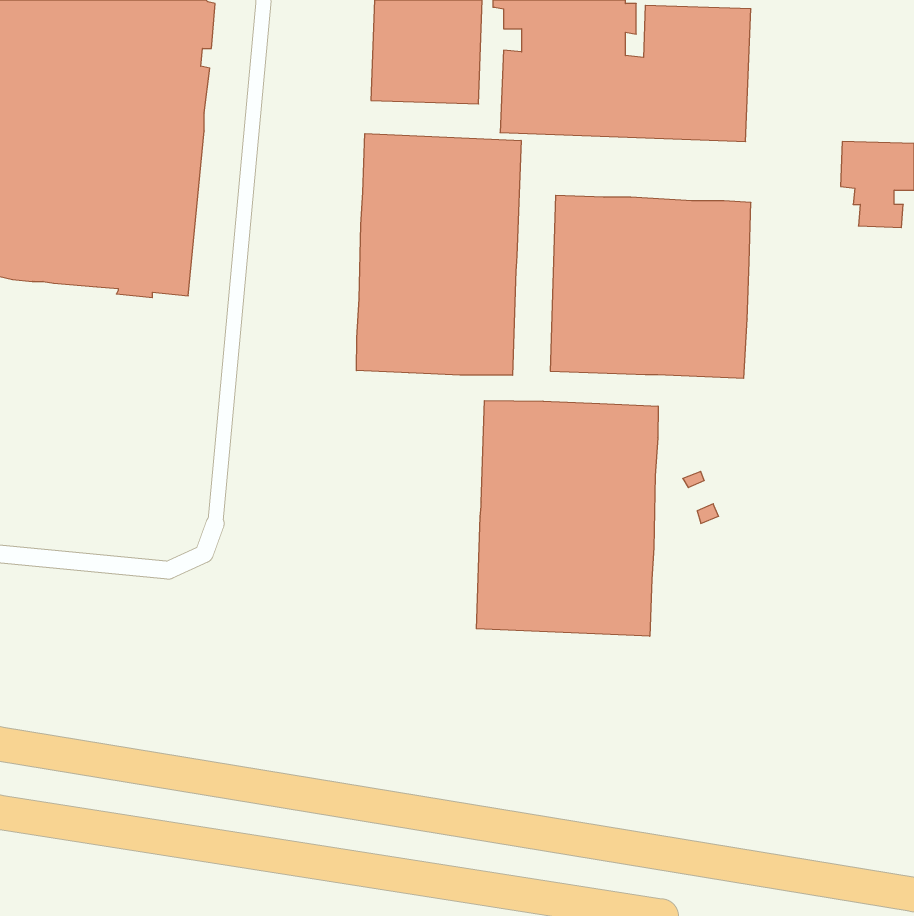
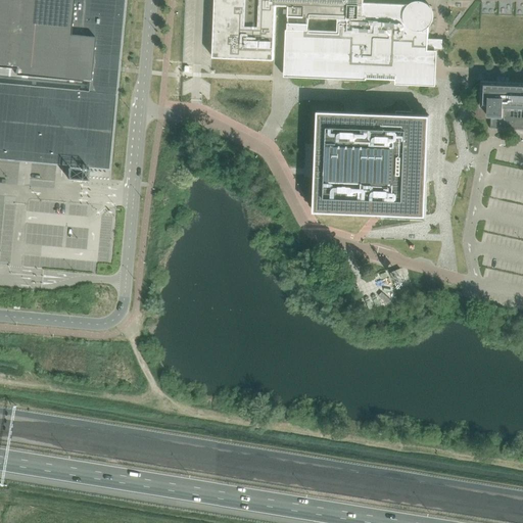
building: [356,134,521,375] -> none
building: [476,401,658,636] -> none

